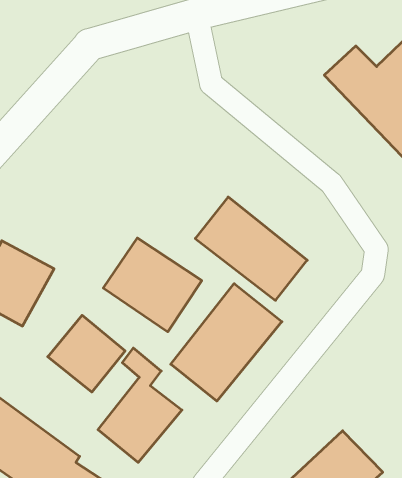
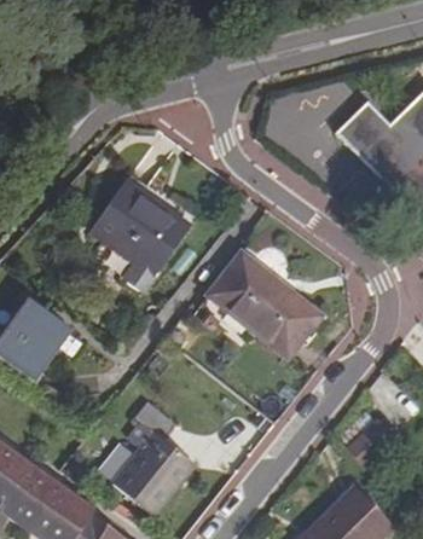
building: [103,238,202,332] -> [91,180,189,273]
building: [171,284,282,401] -> none
building: [48,315,125,392] -> none

